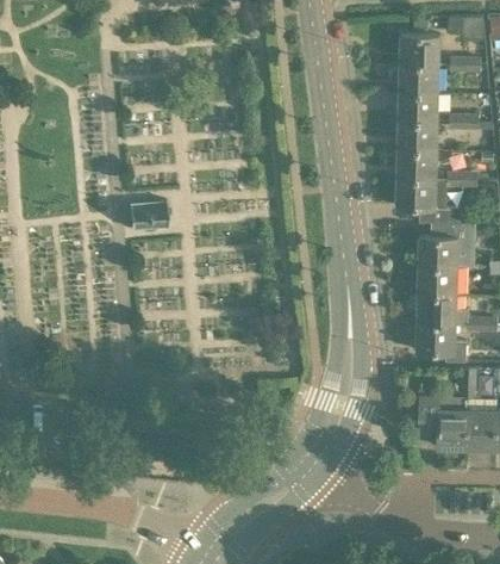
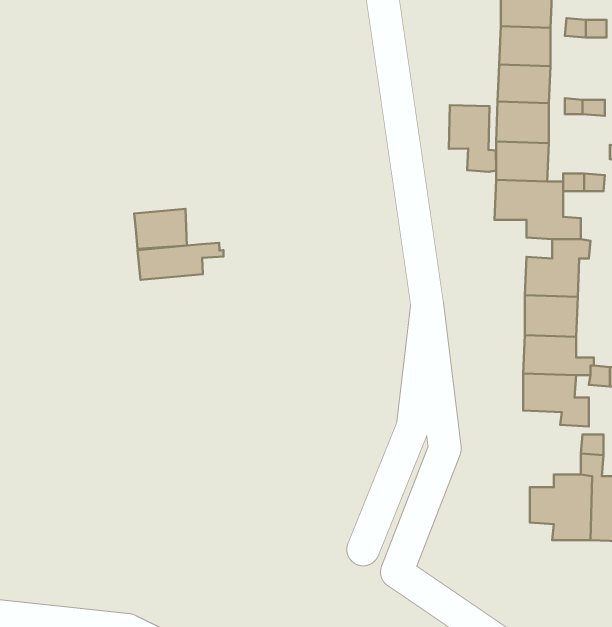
building: none -> [449,105,496,172]
building: none -> [137,243,224,280]

